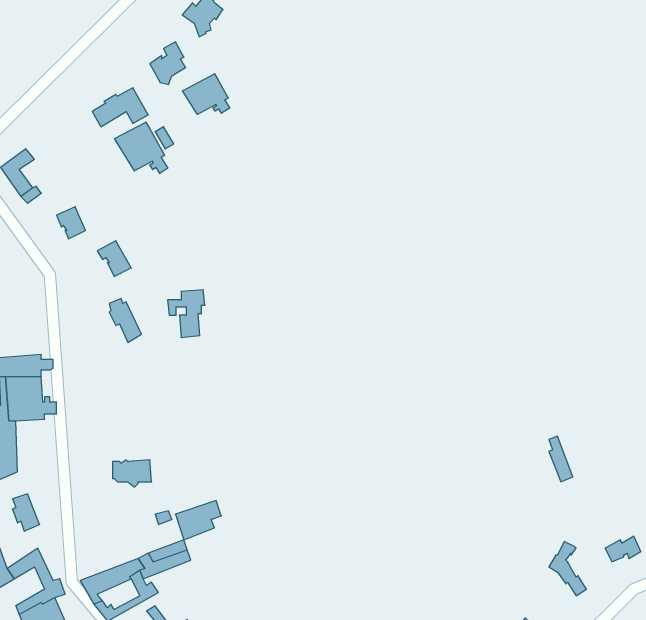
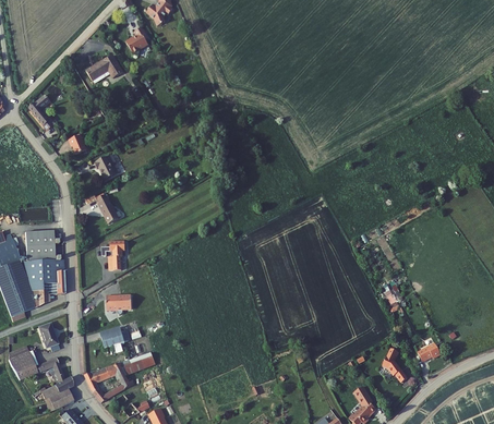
building: [183,74,230,114] -> none
building: [115,122,168,174] -> none
building: [168,290,205,337] -> [101,239,125,269]
building: none -> [39,268,67,305]
building: [175,501,221,540] -> [96,325,125,350]

